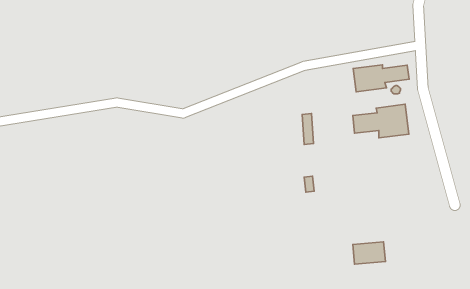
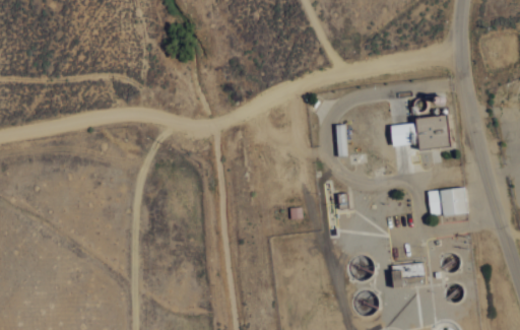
building: [353,65,409,92] -> none
building: none -> [426,187,466,218]

